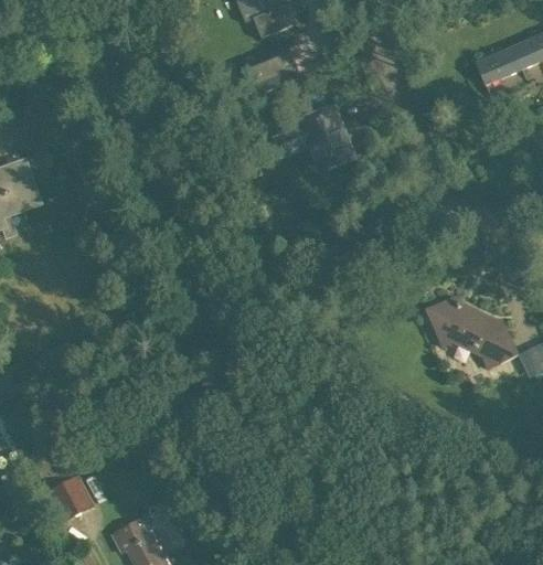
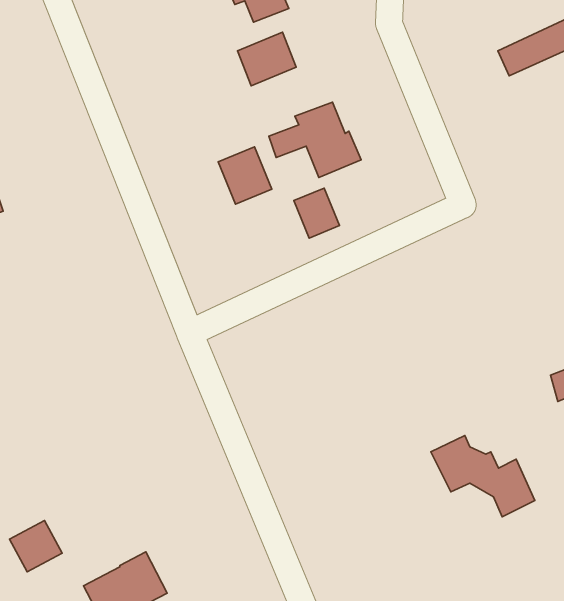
building: none -> [218,147,272,204]
building: none -> [294,188,340,238]
building: [426,297,518,369] -> [431,435,535,517]

